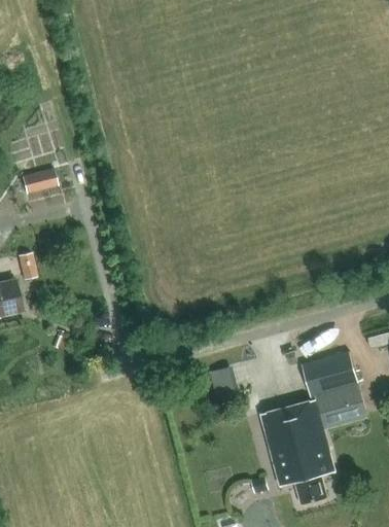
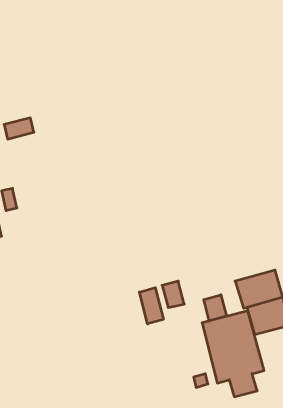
building: none -> [139,288,163,324]
building: none -> [204,295,226,321]

